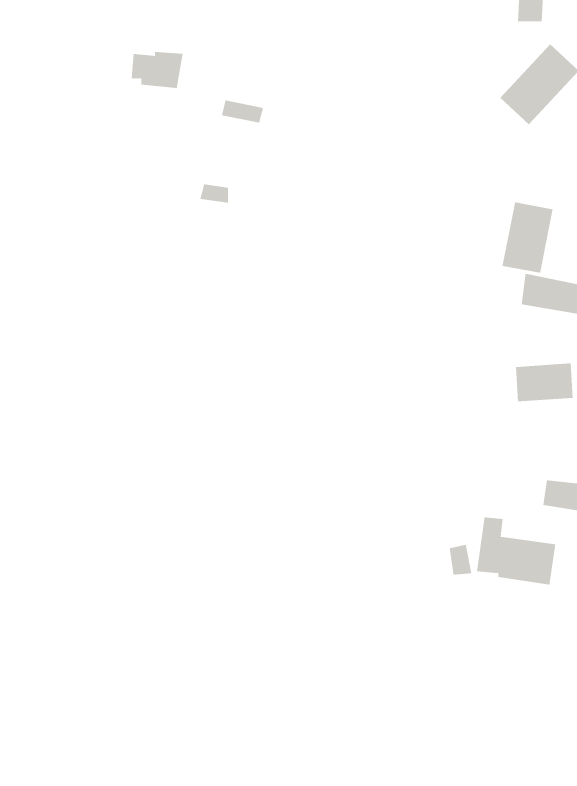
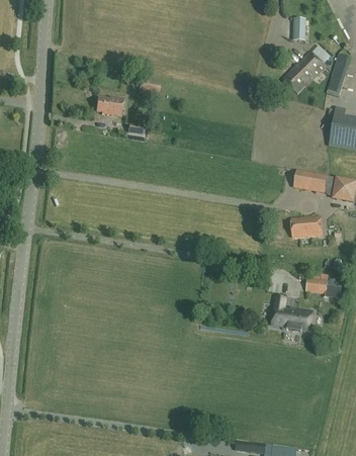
building: [131,52,183,89] -> [97,96,124,115]
building: [502,202,553,274] -> none

